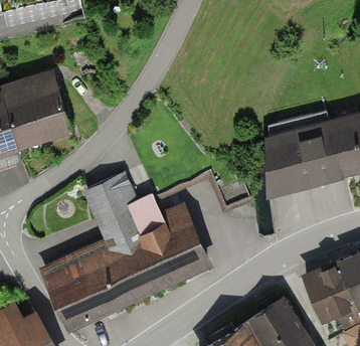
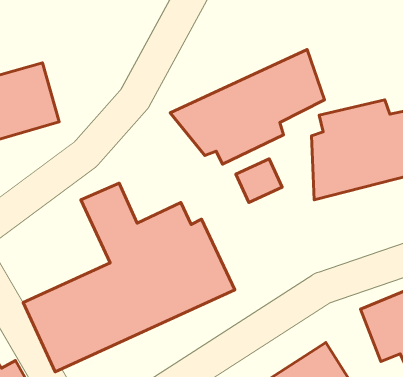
building: none -> [170,50,324,164]

